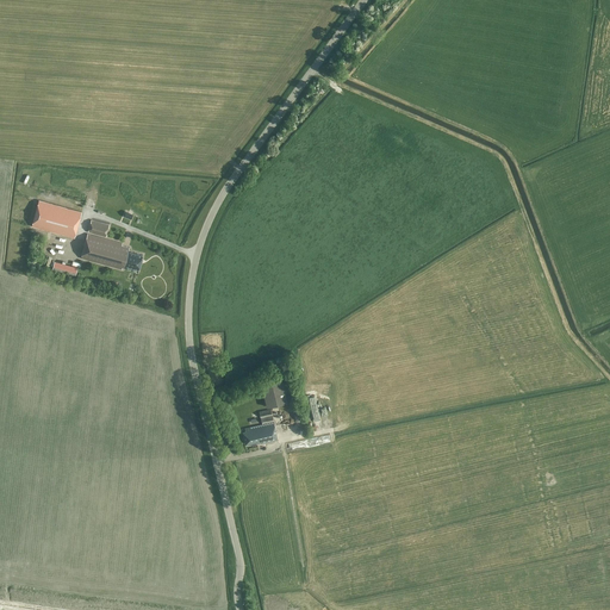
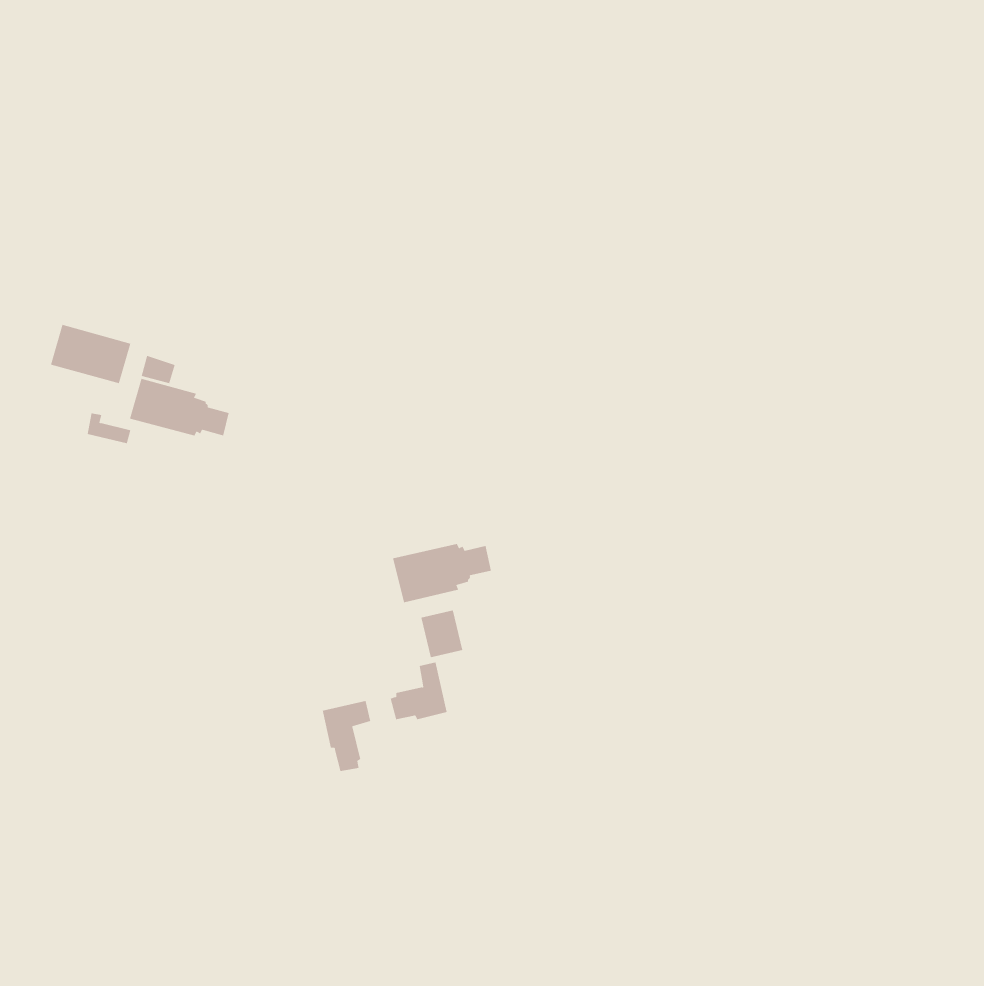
building: none -> [393,543,491,603]
building: none -> [322,700,371,772]

